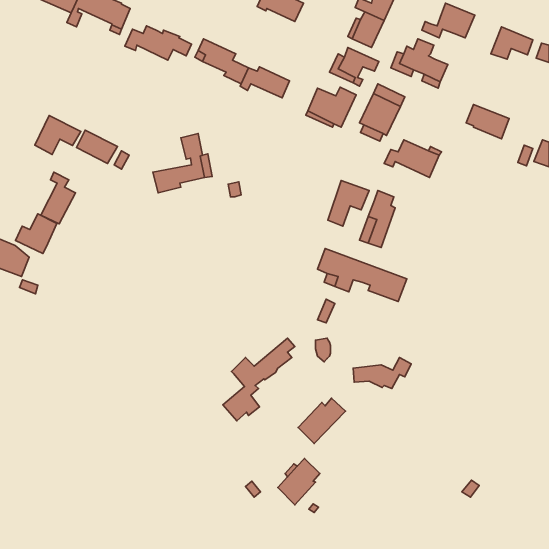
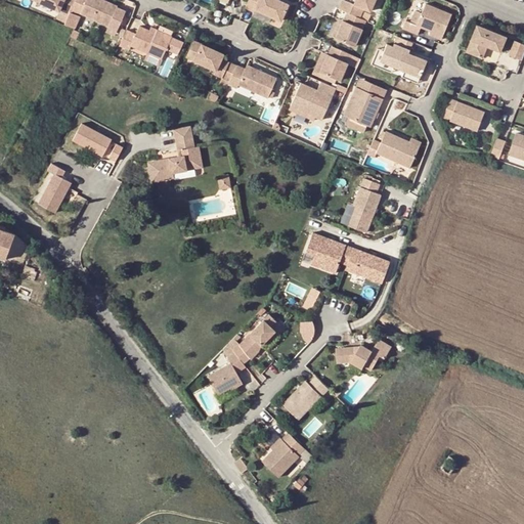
building: [35,115,81,154] -> none
building: [328,181,369,226] -> none
building: [15,214,57,254] -> none

